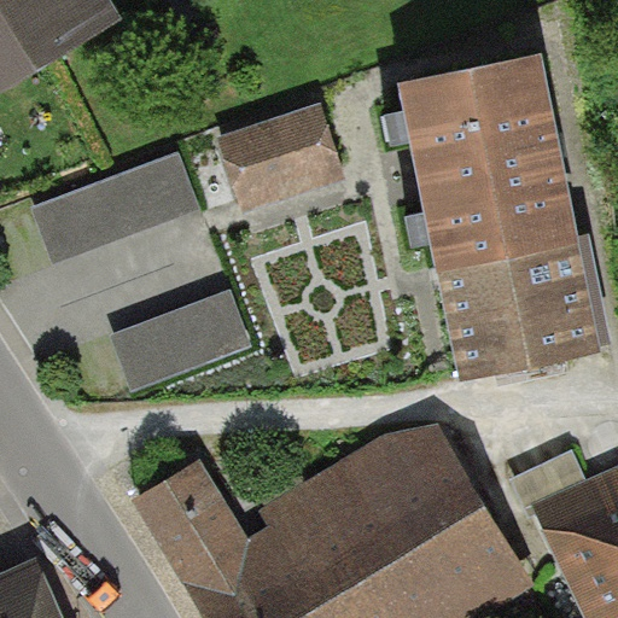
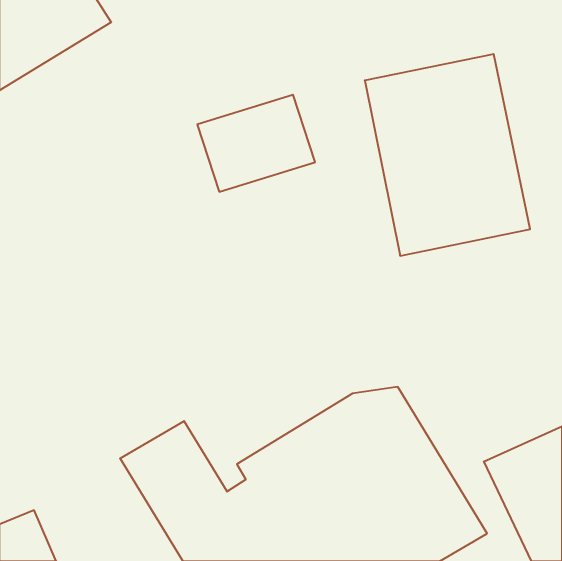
building: [31,150,200,262] -> none
building: [438,251,601,386] -> none
building: [110,288,252,390] -> none

